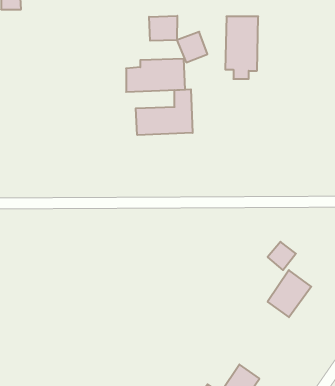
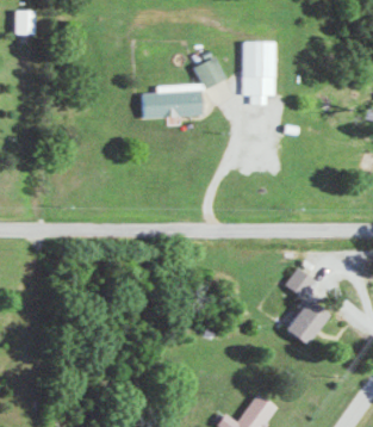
building: [149,16,177,41] -> none
building: [136,89,193,135] -> none

